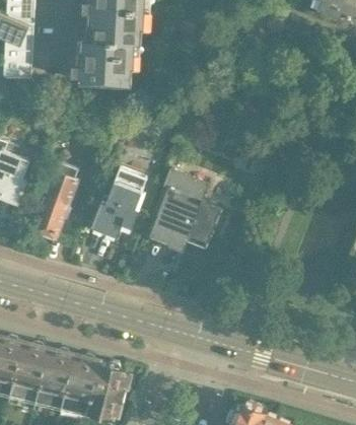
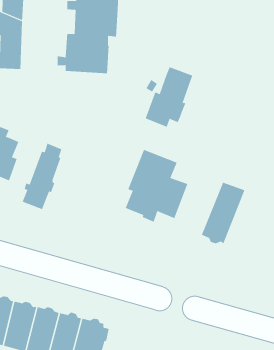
building: [92,168,147,237] -> [145,67,193,127]
building: none -> [201,182,245,245]

